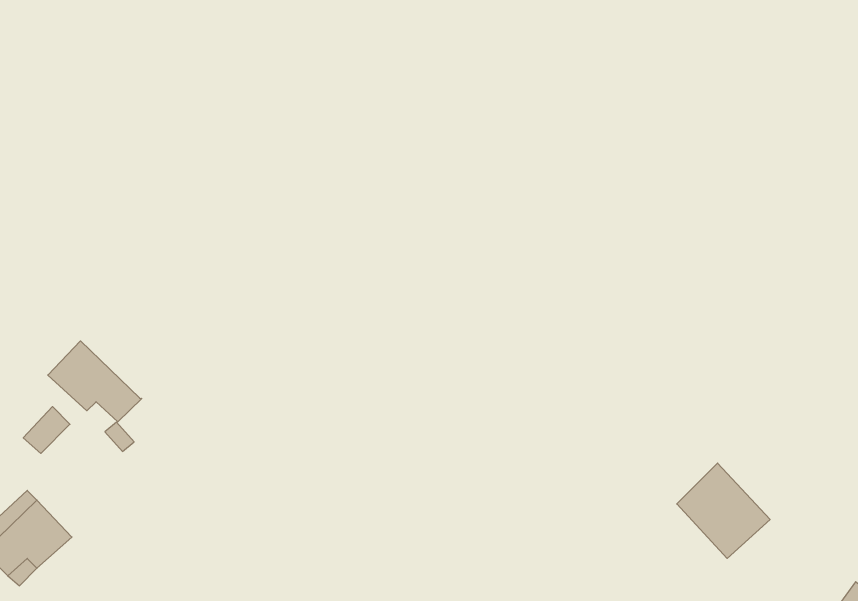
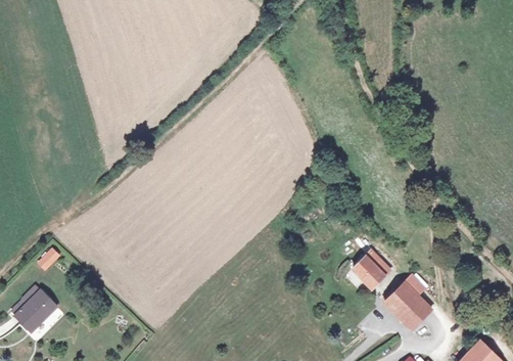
building: [48,341,142,422] -> none
building: none -> [352,249,386,285]

